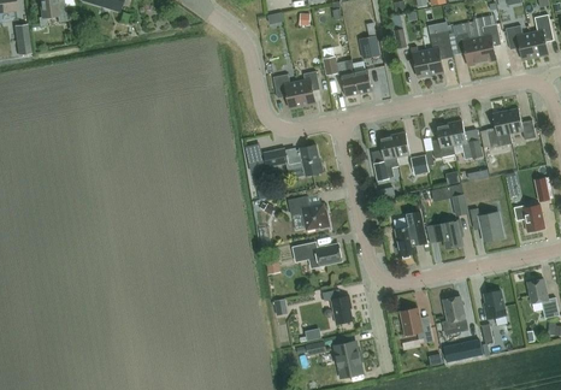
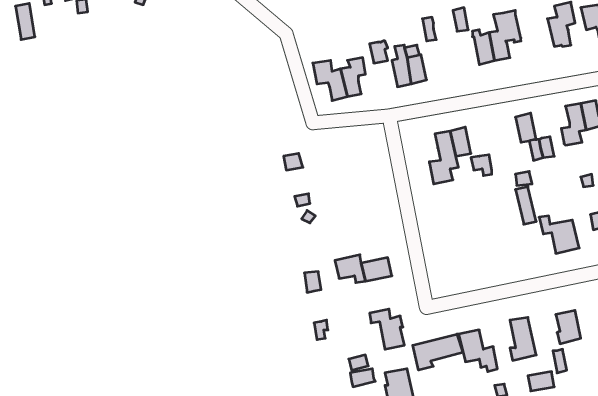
building: [454,32,482,66] -> none
building: [431,123,454,158] -> none
building: [262,144,323,175] -> none
building: [288,196,329,230] -> none
building: [394,212,423,256] -> none
building: [431,219,462,248] -> none
building: none -> [413,334,463,370]

